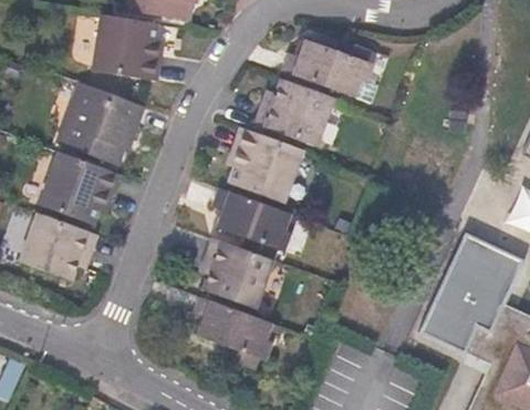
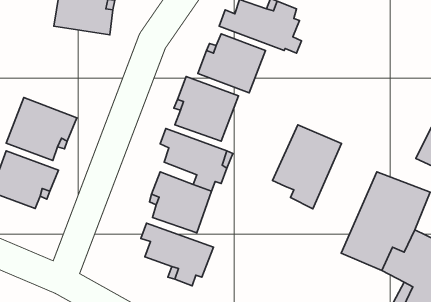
building: [59,83,143,164] -> none
building: none -> [272,125,342,209]

